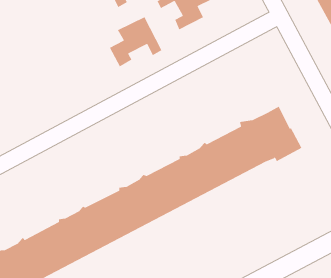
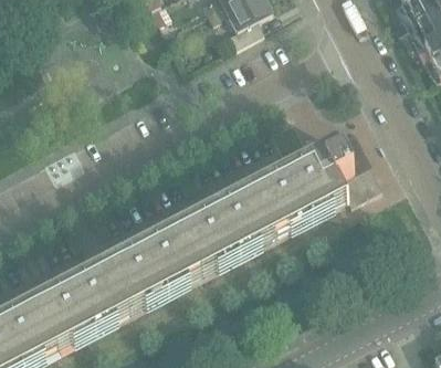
building: [109,16,163,68] -> none

